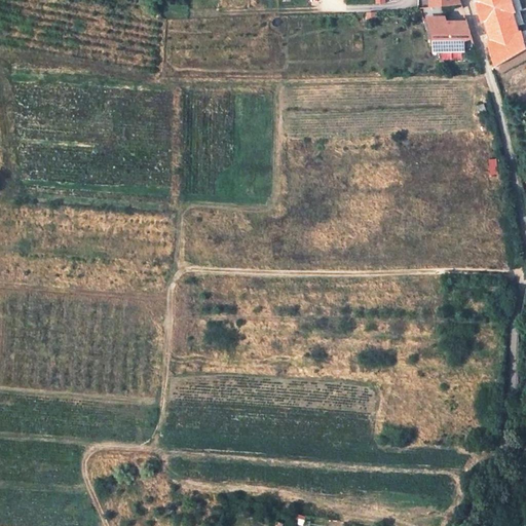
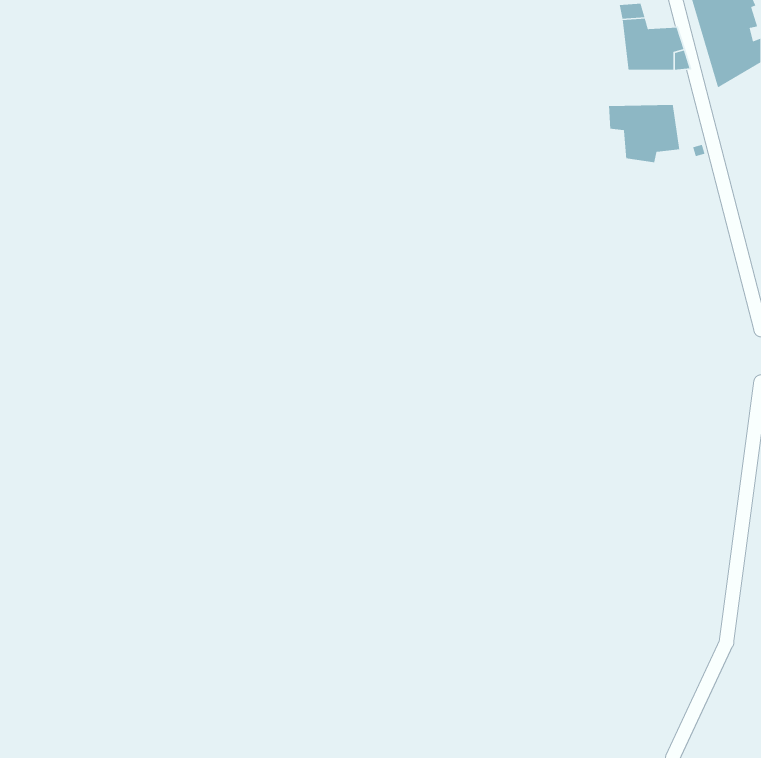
building: none -> [608,104,680,163]

